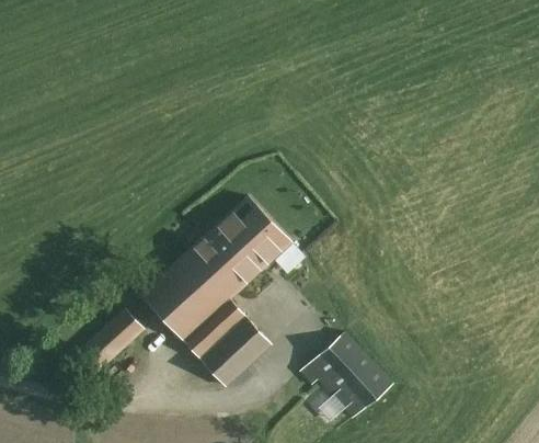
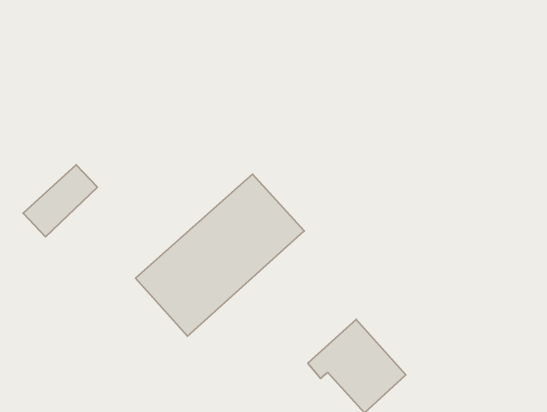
building: [78,305,147,372] -> [23,165,97,237]
building: [196,316,273,390] -> none

